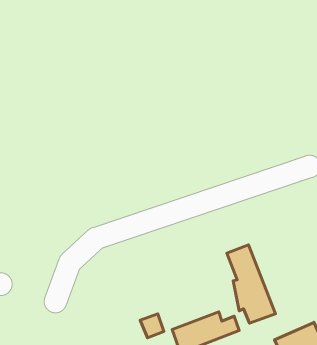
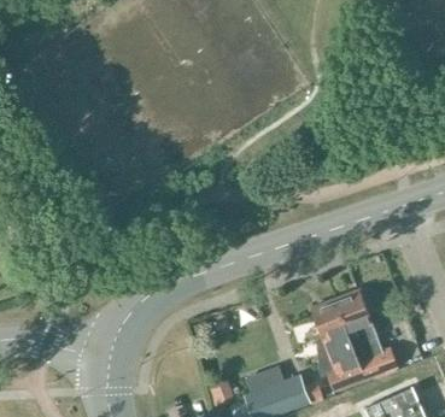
building: none -> [333,287,397,376]

